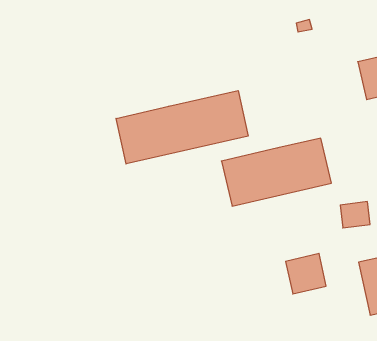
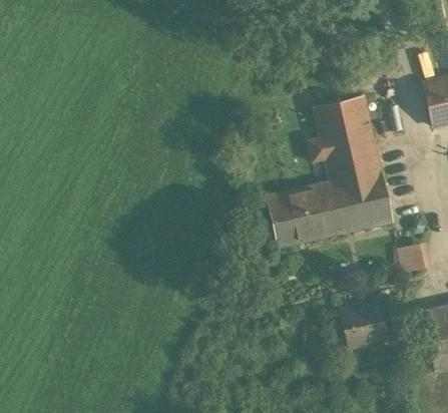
building: none -> [307,95,380,180]
building: [116,91,248,164] -> none

